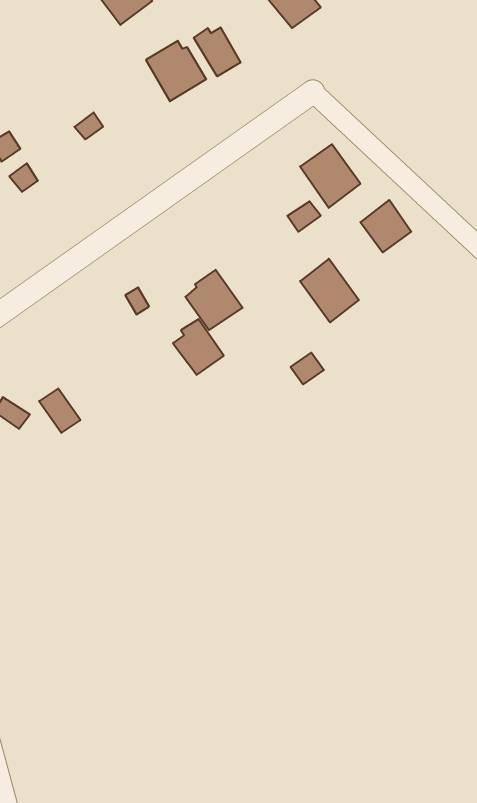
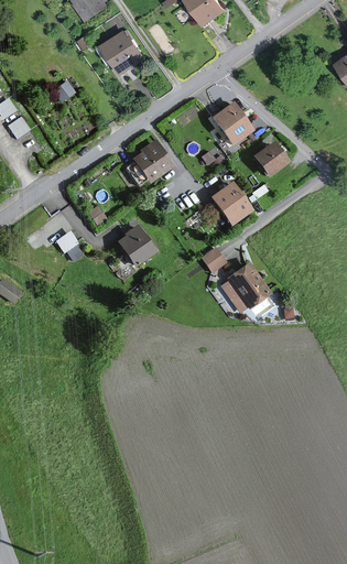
building: [194,27,241,76] -> none
building: [185,270,243,330] -> [131,142,171,184]
building: none -> [224,262,271,310]
building: [39,388,80,433] -> [55,228,84,259]

